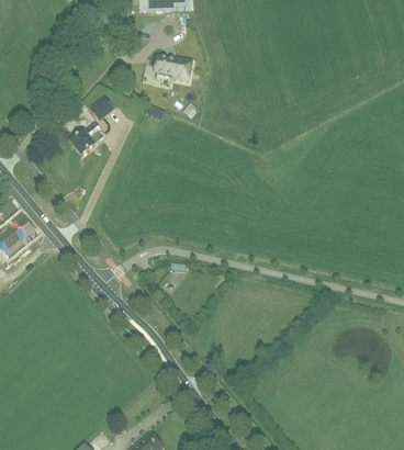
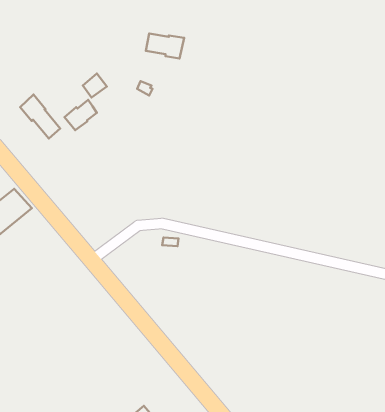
building: none -> [20,94,60,139]

